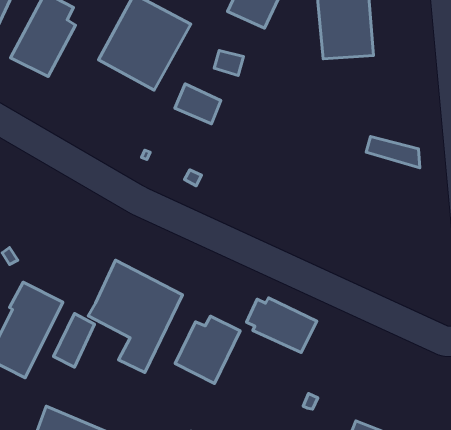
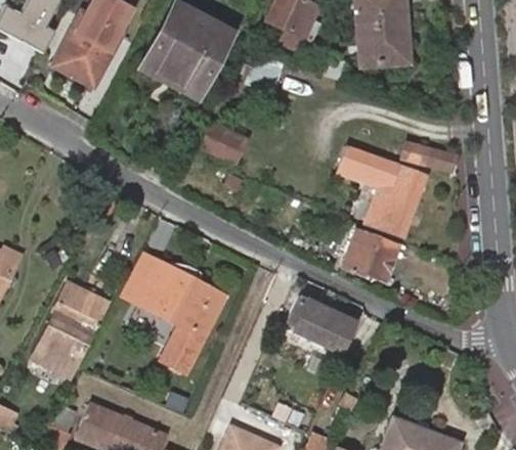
building: [175,84,221,124] -> [201,124,246,163]
building: none -> [343,147,426,234]
building: none -> [345,230,399,277]
building: [54,314,95,367] -> [119,252,159,304]
building: [175,316,240,384] -> none

